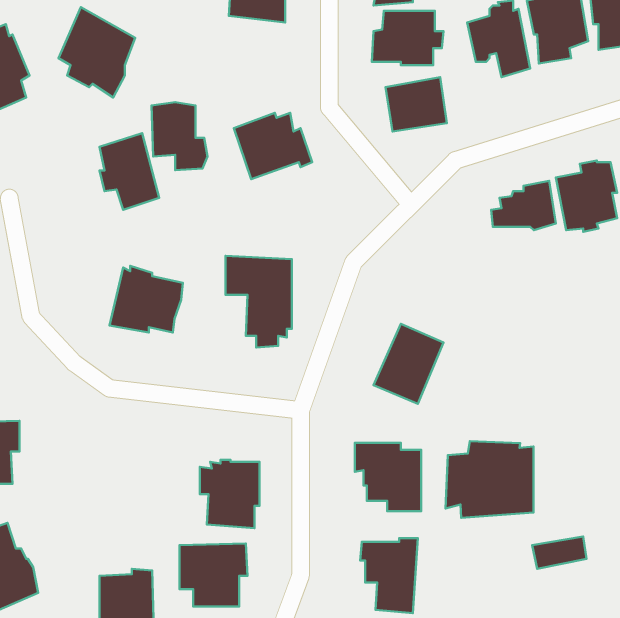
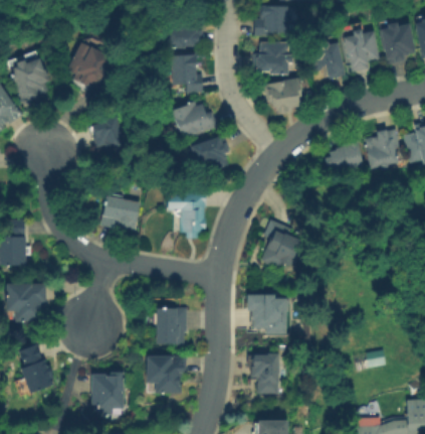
building: [151,102,208,170] -> [173,51,206,92]
building: none -> [191,134,230,175]
building: [445,441,534,518] -> none

